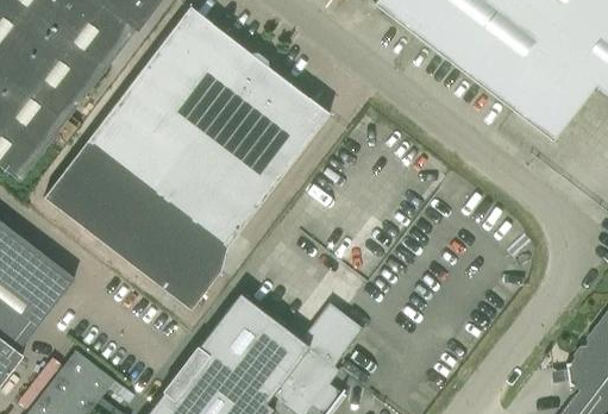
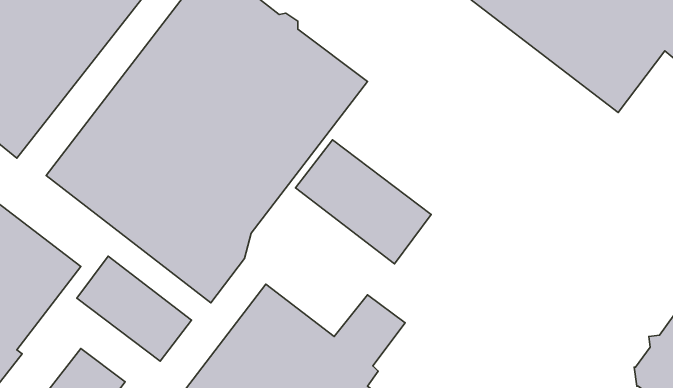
building: none -> [295,140,431,264]
building: none -> [77,256,192,361]

